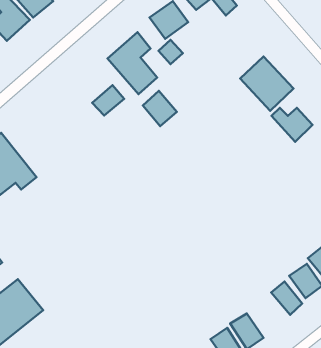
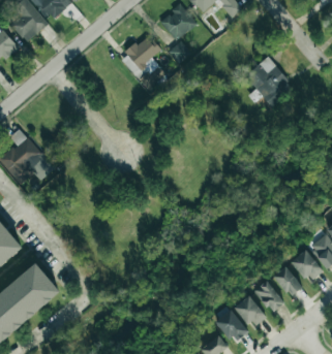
building: [92,85,124,115] -> none
building: [143,91,177,126] -> none
building: [272,108,313,142] -> none
building: none -> [253,280,284,313]

